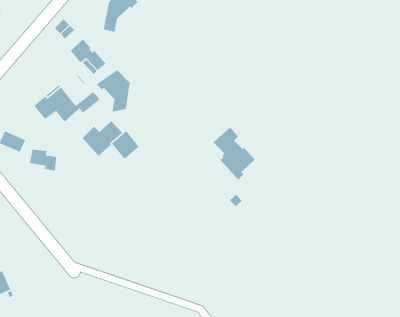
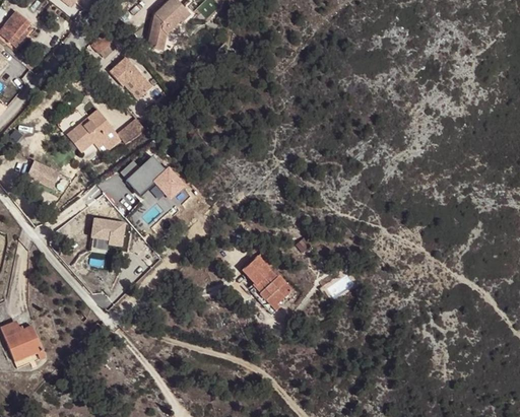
building: [96,69,131,113] -> none
building: [213,126,256,181] -> [242,252,291,315]
building: [29,149,57,171] -> [91,222,124,249]

